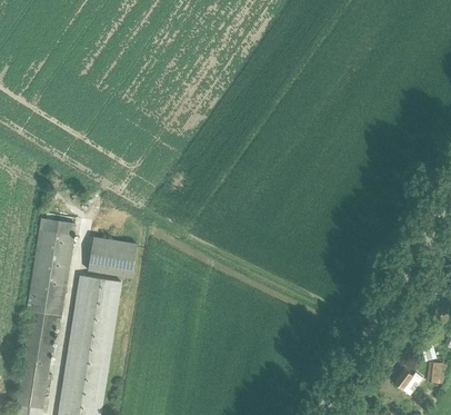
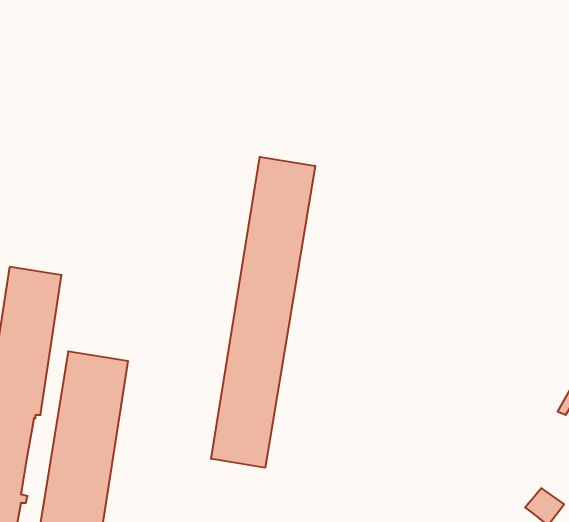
building: none -> [211,157,315,468]
building: [88,236,137,277] -> none

